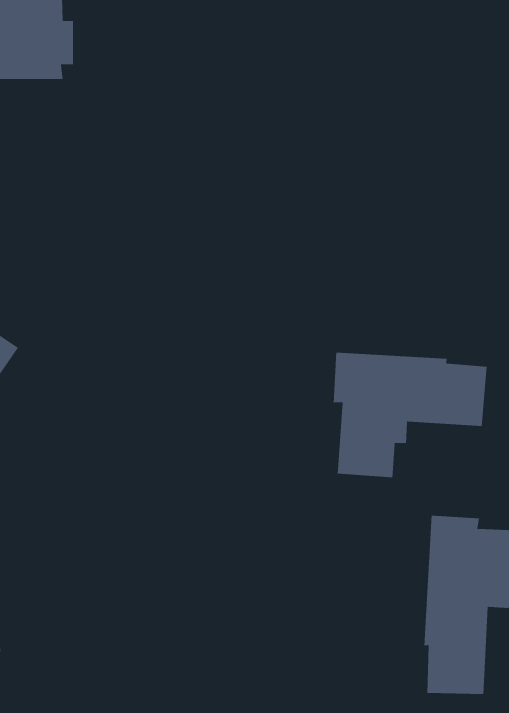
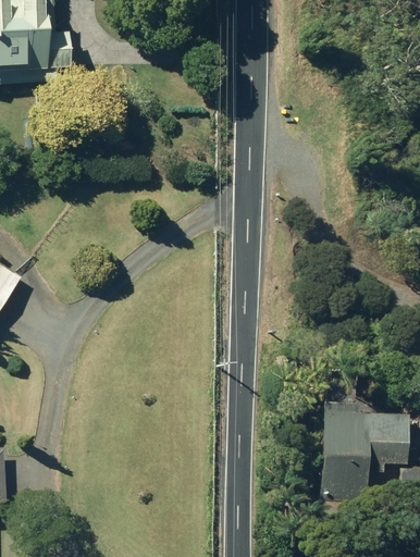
building: [333,352,487,478] -> none

